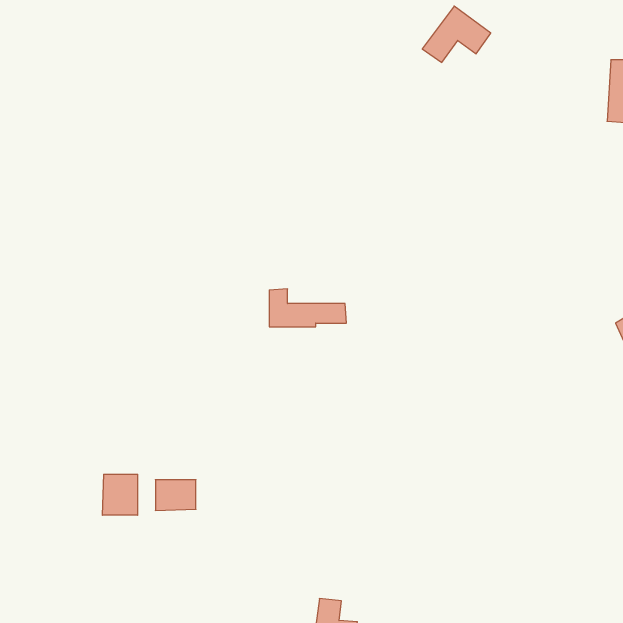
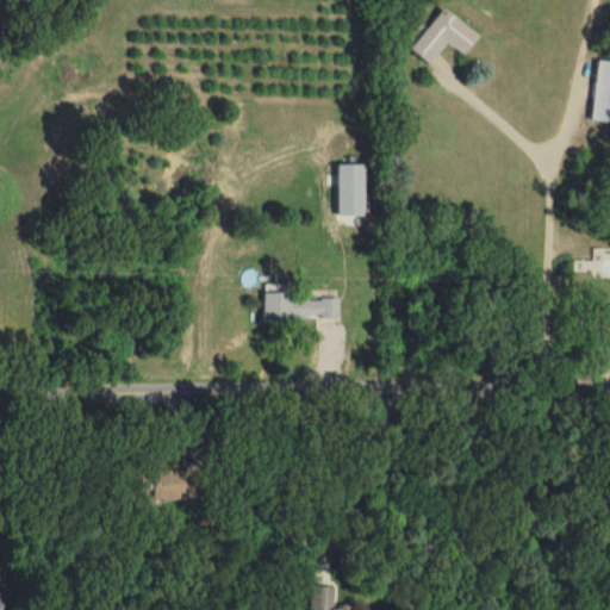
building: none -> [338,164,365,225]
building: [102,474,138,515] -> none

